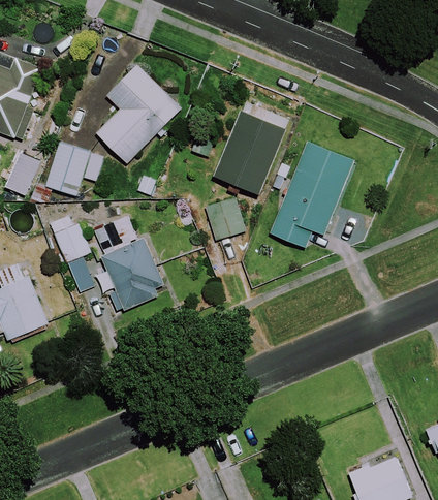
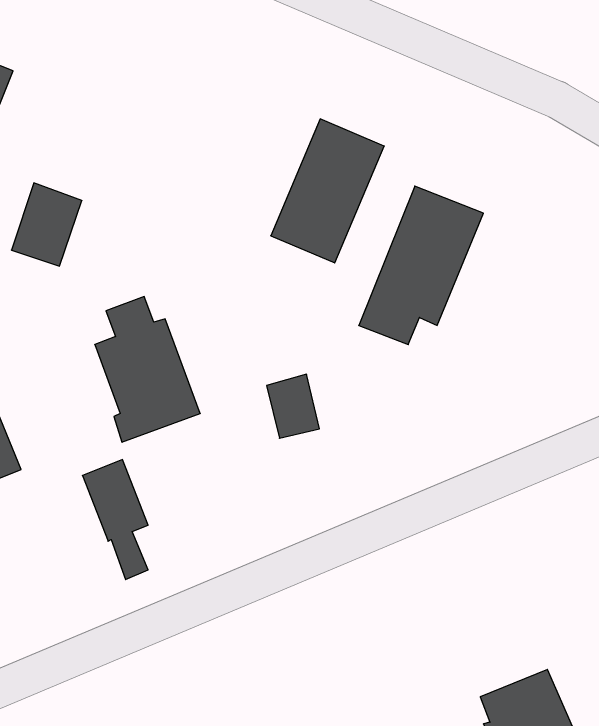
building: [97,66,181,164] -> none
building: [207,197,241,239] -> [267,374,319,438]
building: [50,213,92,290] -> [82,460,148,580]

